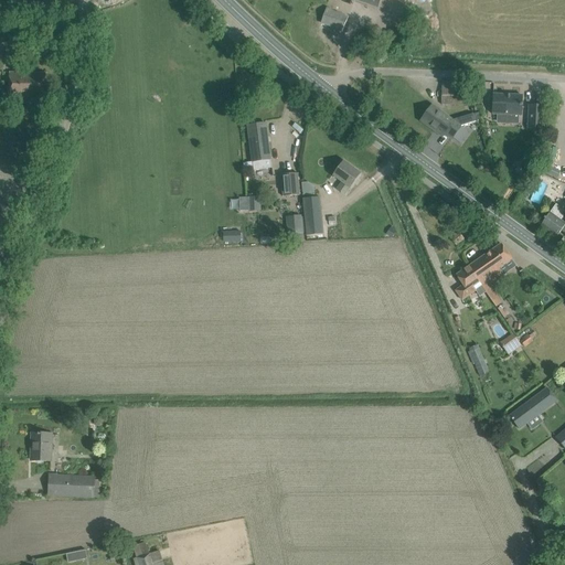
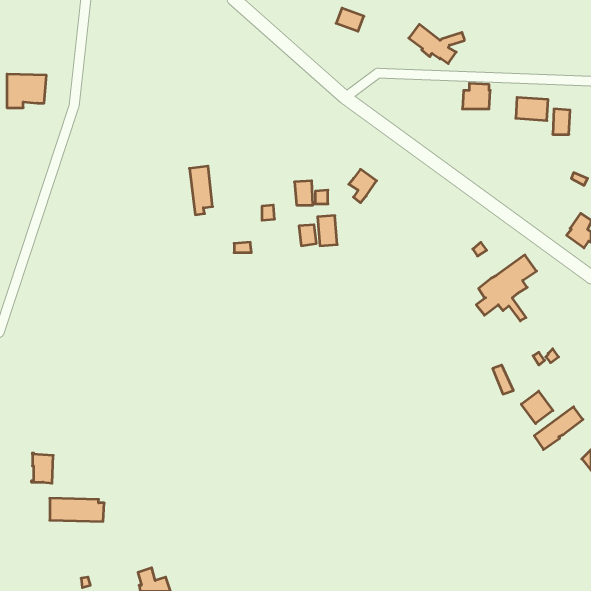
building: [422,105,475,142] -> [409,24,464,64]
building: [247,122,269,169] -> [189,166,213,215]
building: none -> [521,391,553,424]

